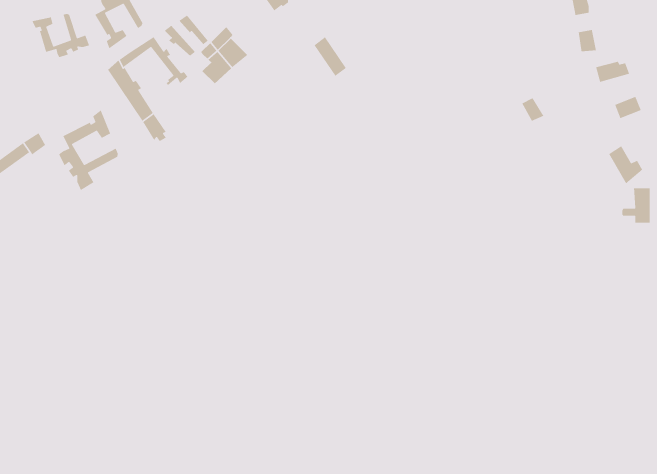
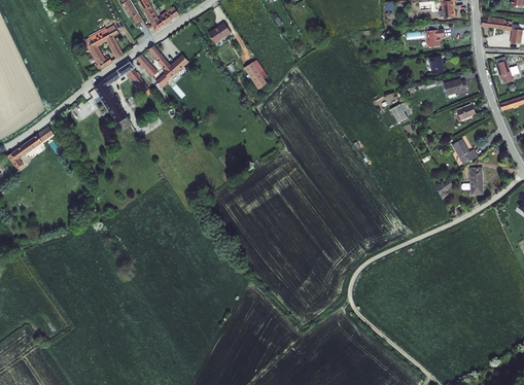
building: [31,13,90,58] -> none
building: [58,109,119,191] -> none

